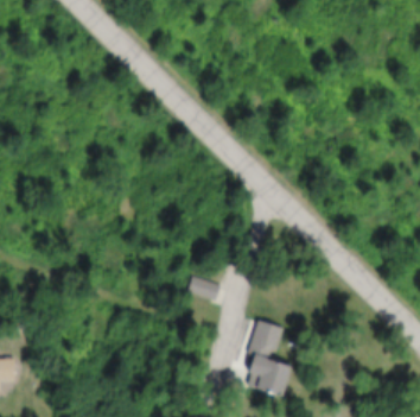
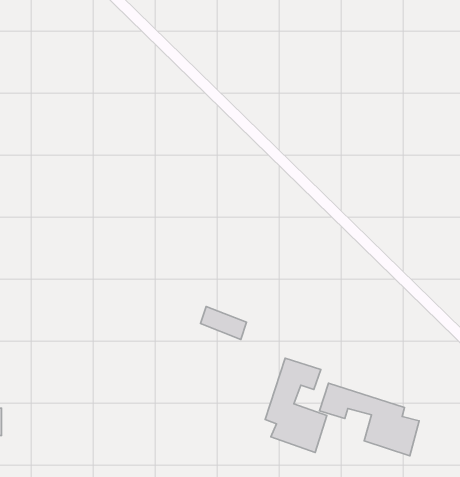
building: none -> [320,383,419,456]

